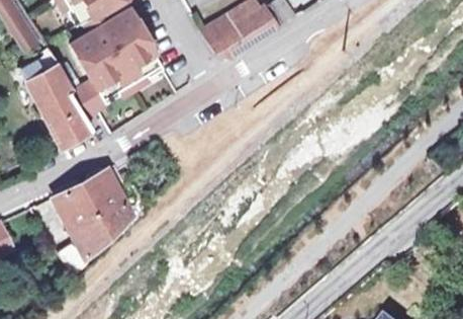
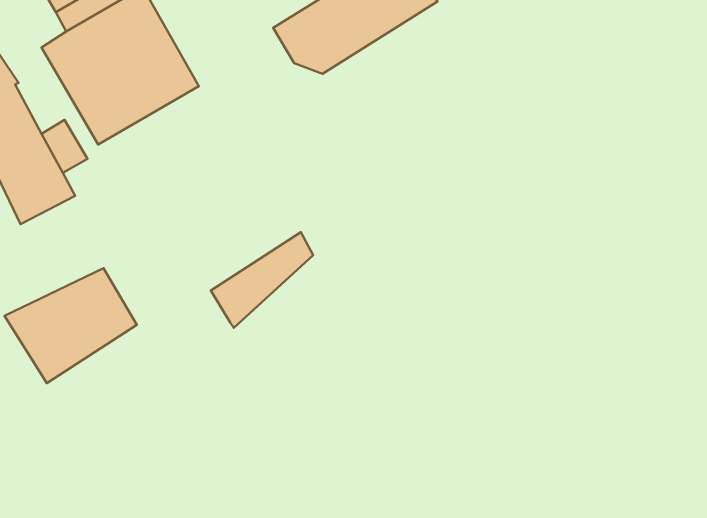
building: [75,202,133,256] -> [211,232,313,328]

